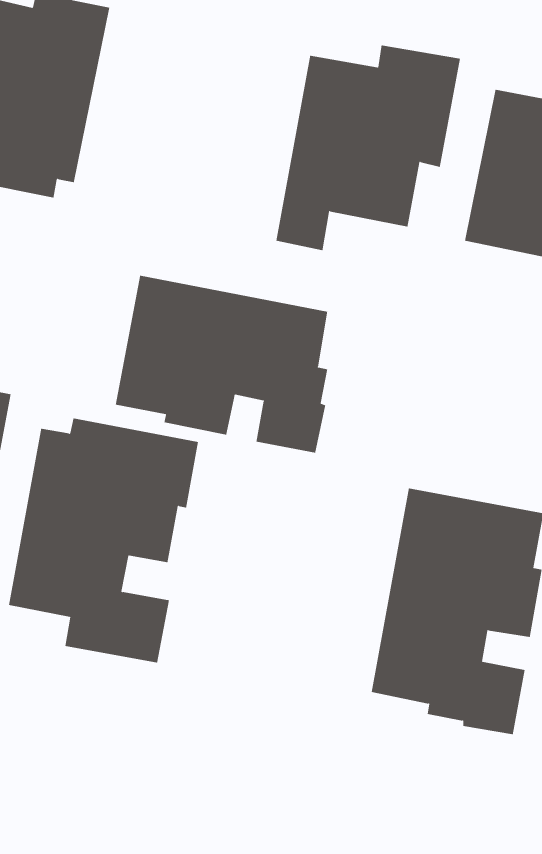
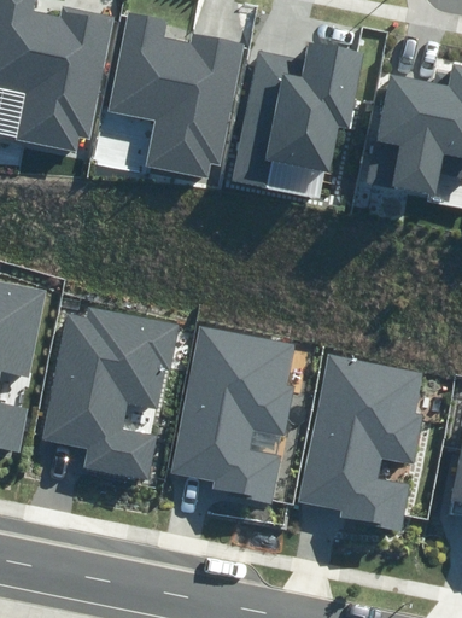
building: none -> [109,16,244,179]
building: [115,275,328,454] -> none
building: none -> [172,326,294,502]

